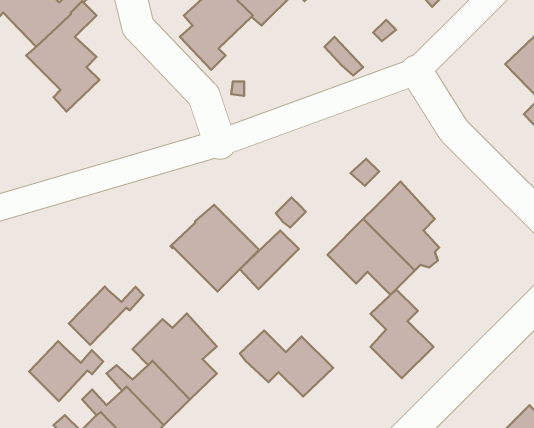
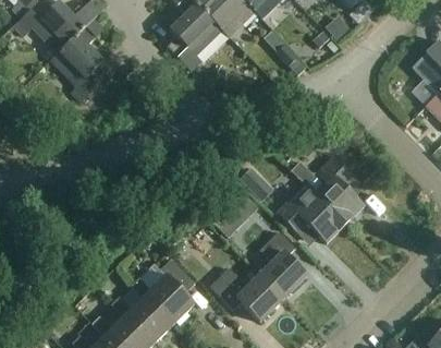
building: [171,205,259,291] -> none
building: [69,286,144,345] -> none
building: [370,290,433,378] -> [259,230,307,298]
building: [29,341,103,401] -> none

